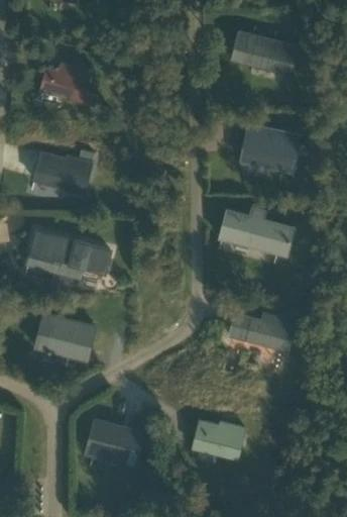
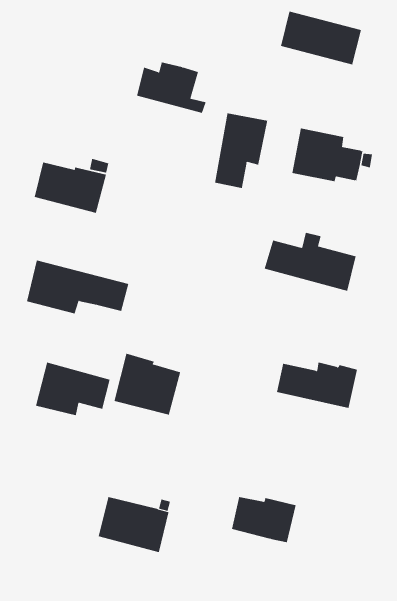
building: [39,65,96,106] -> [136,62,206,113]
building: none -> [214,112,268,189]
building: none -> [114,353,181,416]

